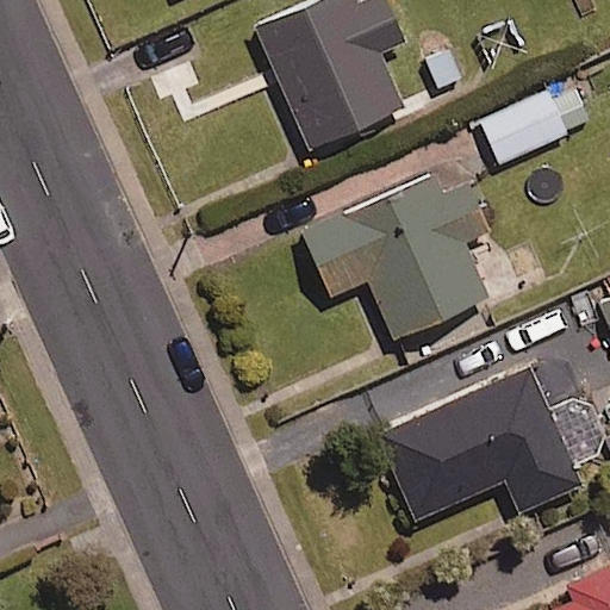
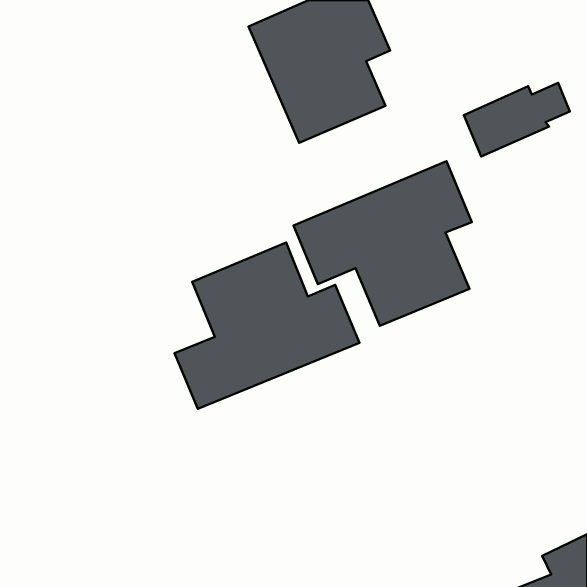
building: none -> [175,242,359,409]
building: [376,366,600,521] -> none

